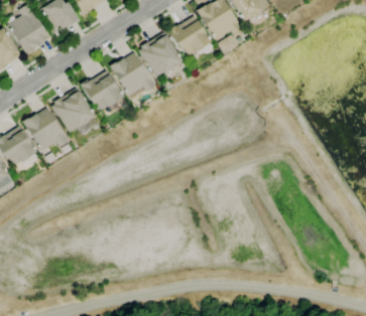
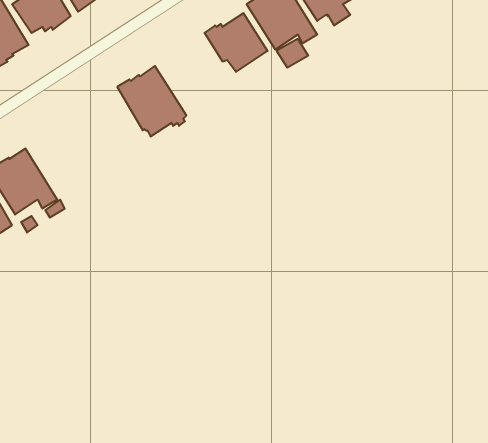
building: [139,33,181,77] -> none
building: [81,70,124,114] -> none
building: [51,89,99,136] -> none

